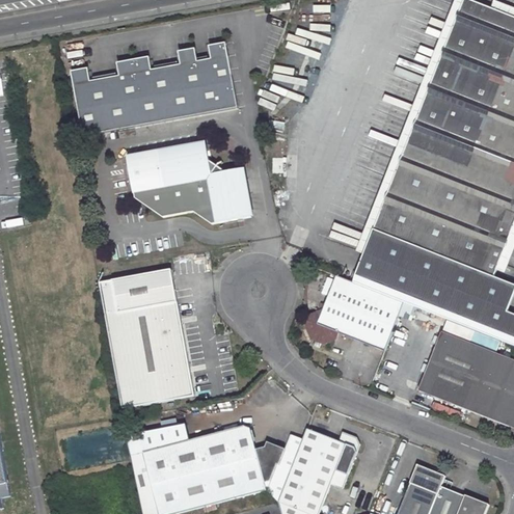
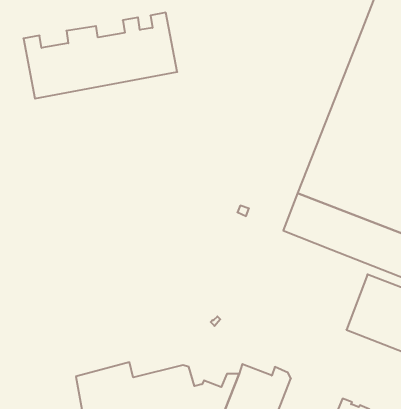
building: [125,142,249,223] -> none
building: [99,268,194,408] -> none
building: [306,273,404,349] -> none

